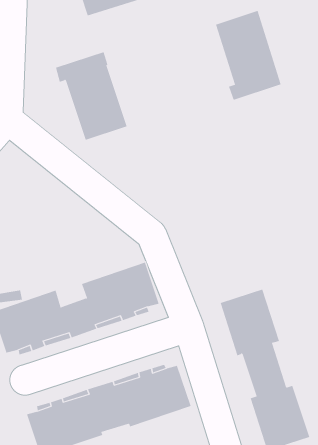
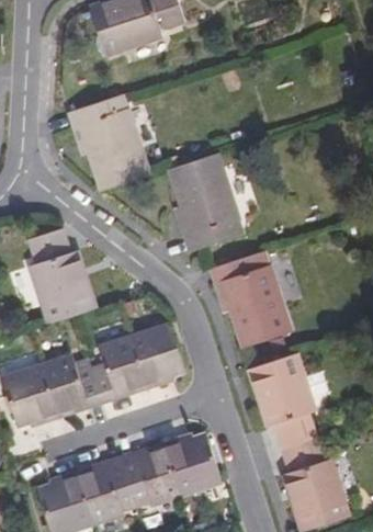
building: [215,10,281,101] -> [170,152,242,251]
building: none -> [27,229,94,322]
building: none -> [211,251,290,347]

